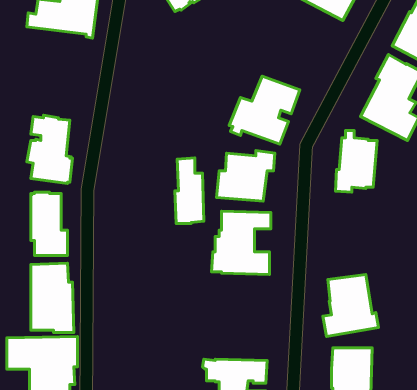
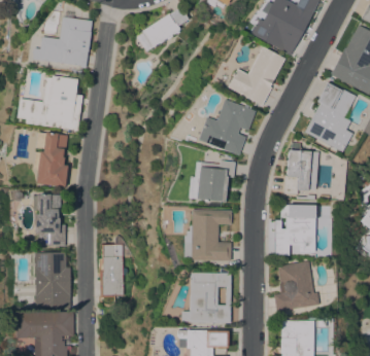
building: none -> [228,46,285,106]
building: none -> [18,76,82,132]
building: [175,158,204,224] -> [100,244,124,297]
building: none -> [275,205,319,256]
building: none -> [181,273,231,323]

